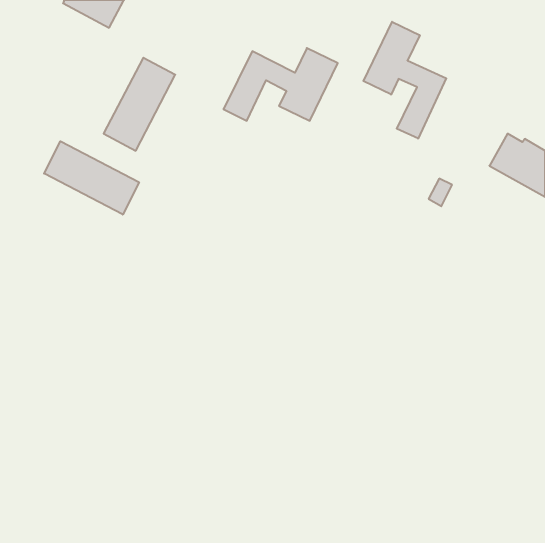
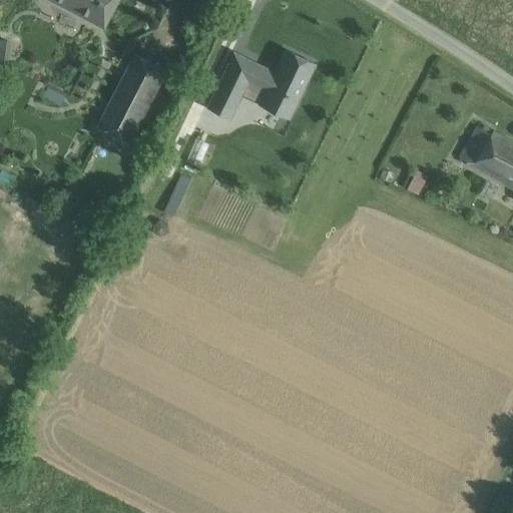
building: [363,22,446,139] -> none
building: [44,141,139,215] -> none

